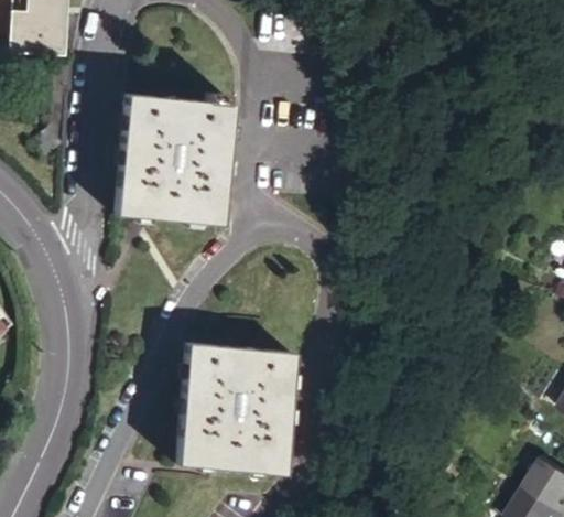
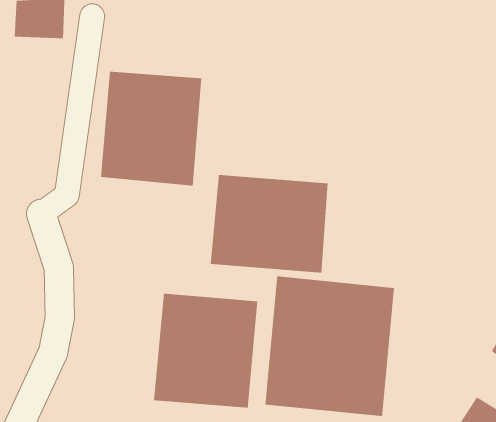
building: none -> [210,174,328,274]
building: none -> [265,276,395,417]

